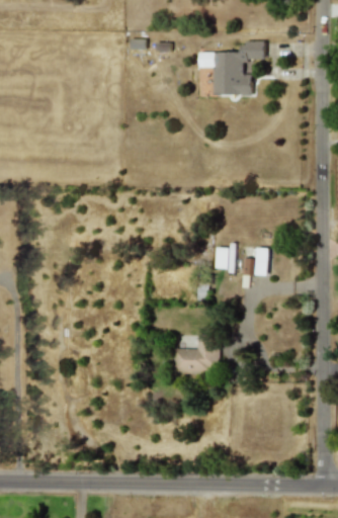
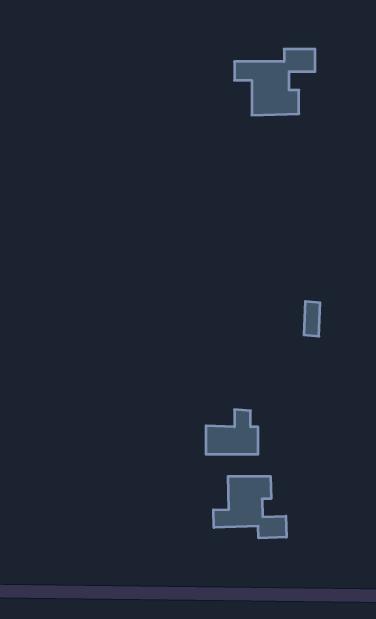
building: [217,246,235,269] -> none
building: none -> [213,476,286,538]

